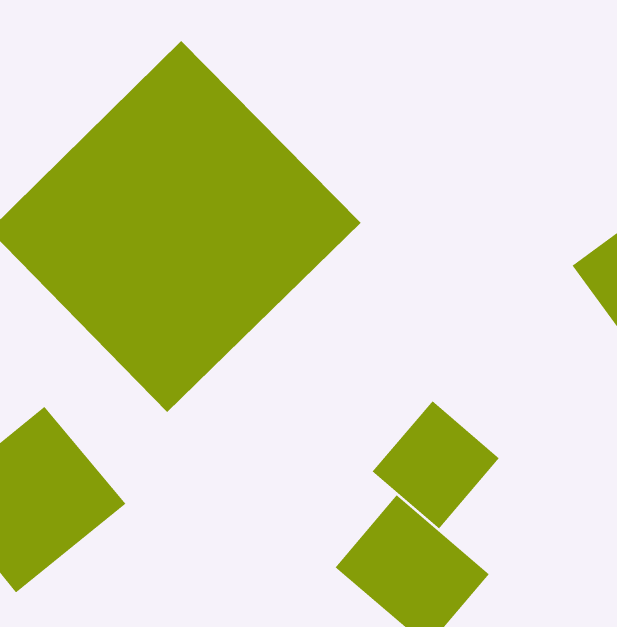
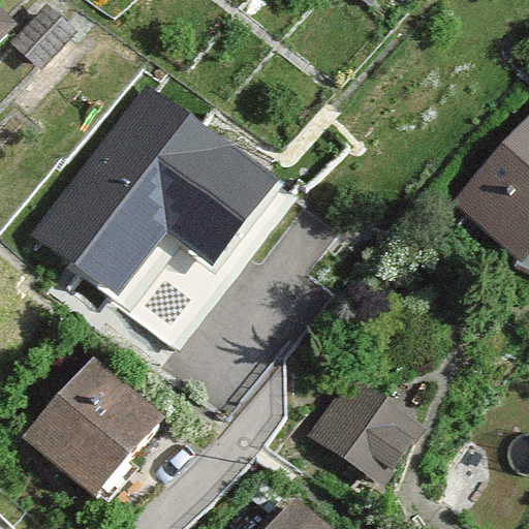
building: [371,400,500,529] -> none

